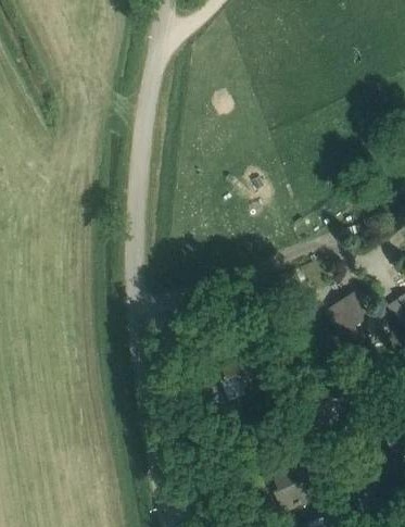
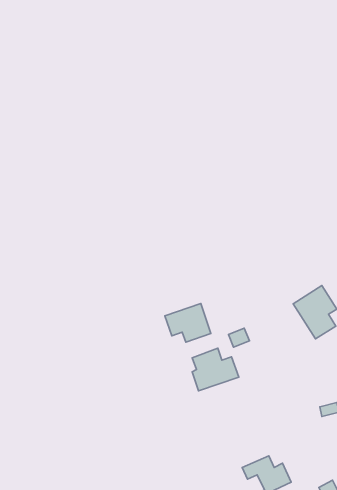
building: none -> [165,304,211,342]

